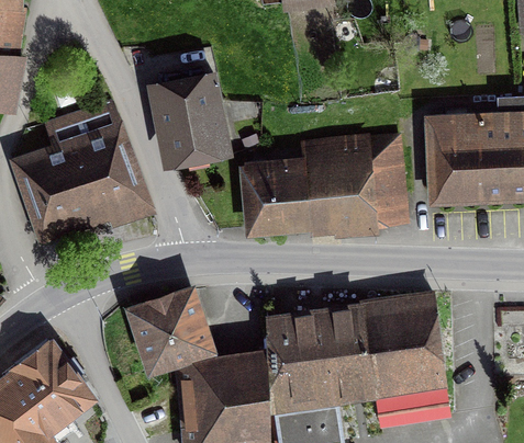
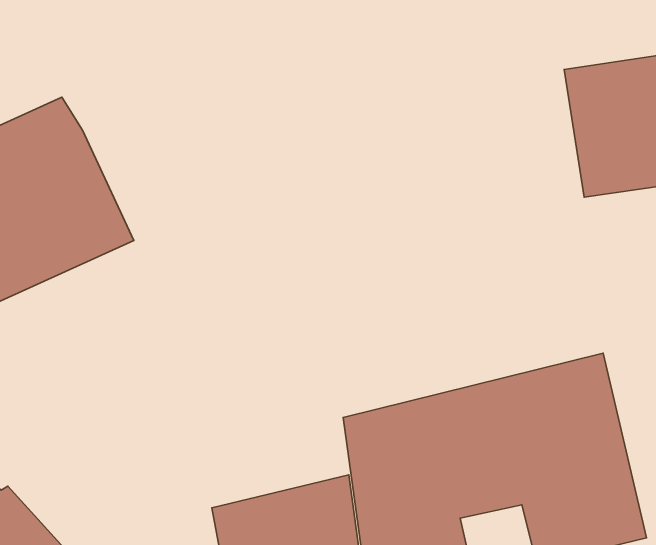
building: [159,78,220,158] -> none
building: [246,137,403,228] -> none
building: [132,289,210,368] -> none

